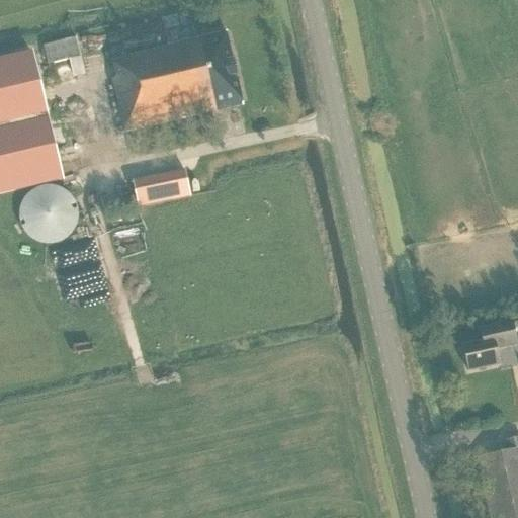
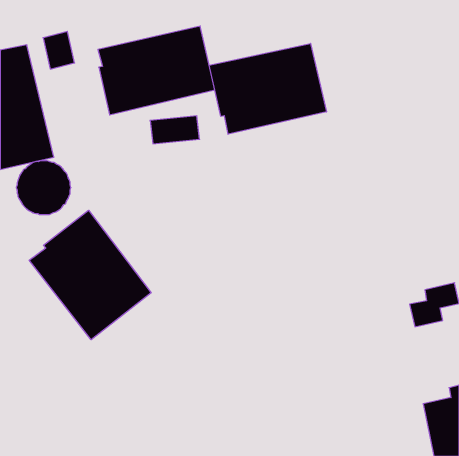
building: none -> [209,43,326,134]
building: [136,171,191,202] -> [150,116,200,144]
building: none -> [29,210,151,340]

